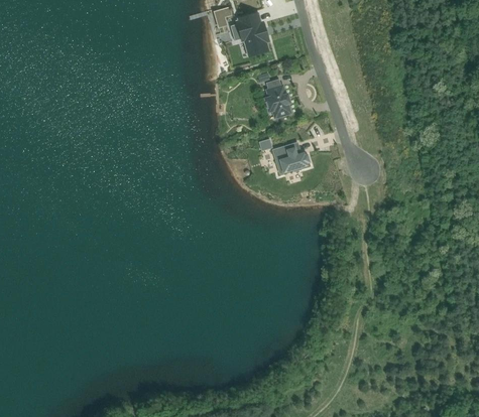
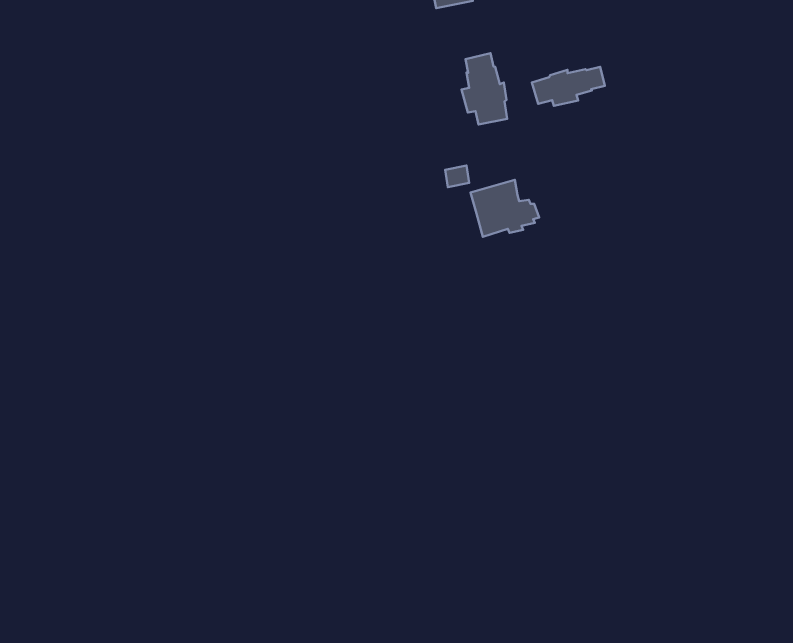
building: none -> [532,67,605,106]

